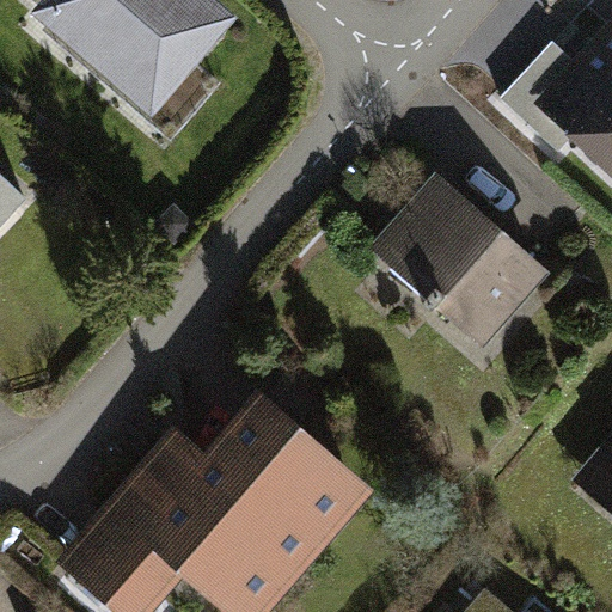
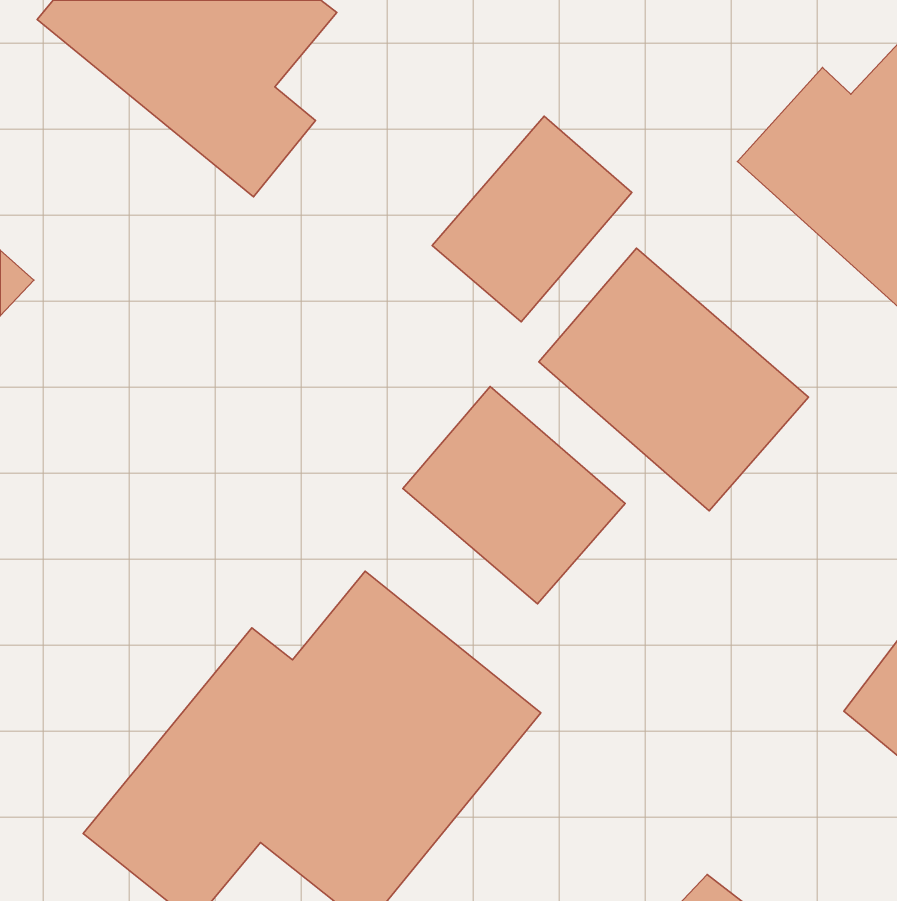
building: none -> [432,116,632,322]
building: none -> [403,387,625,604]

